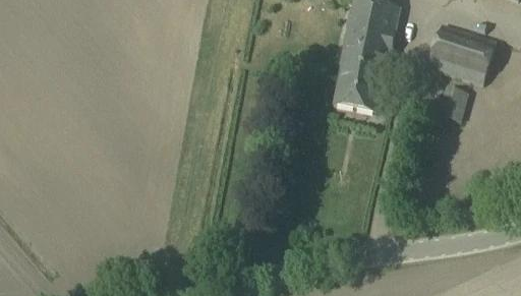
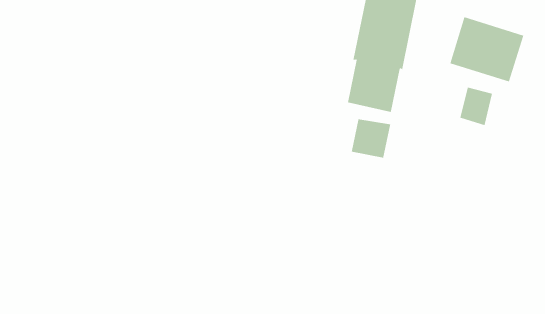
building: none -> [351,119,391,158]

